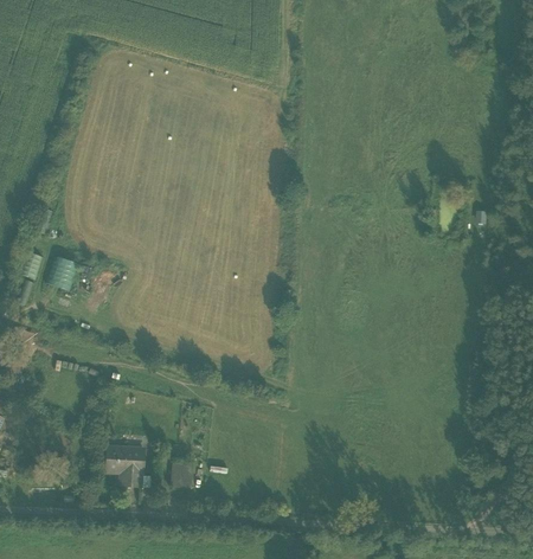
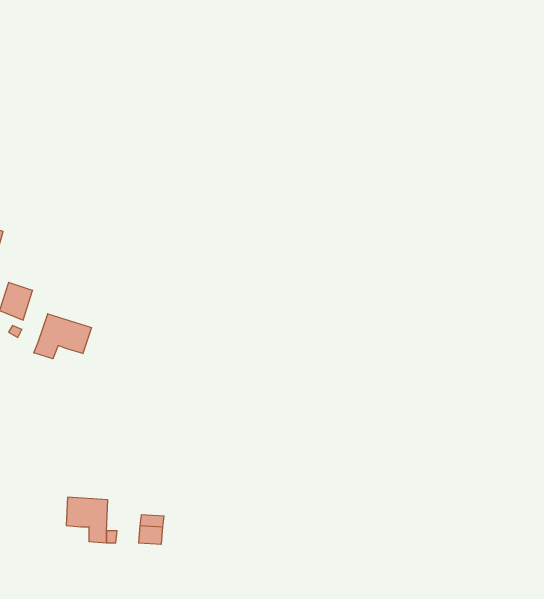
building: none -> [34,314,92,359]

